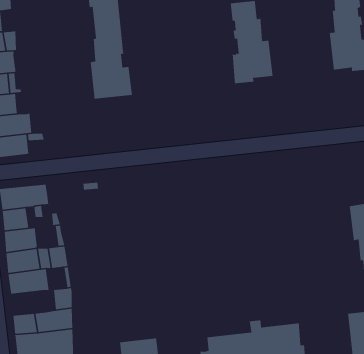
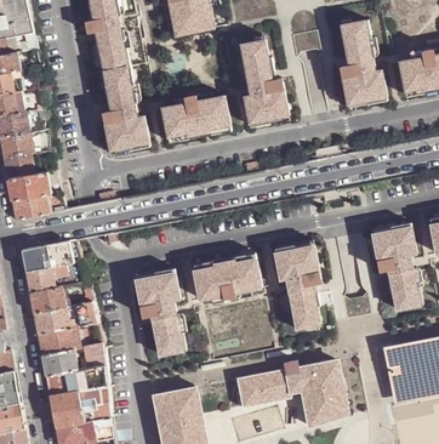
building: none -> [163,93,230,141]
building: none -> [193,252,262,300]
building: none -> [274,249,320,329]
building: none -> [138,273,187,354]
building: none -> [42,348,79,375]

